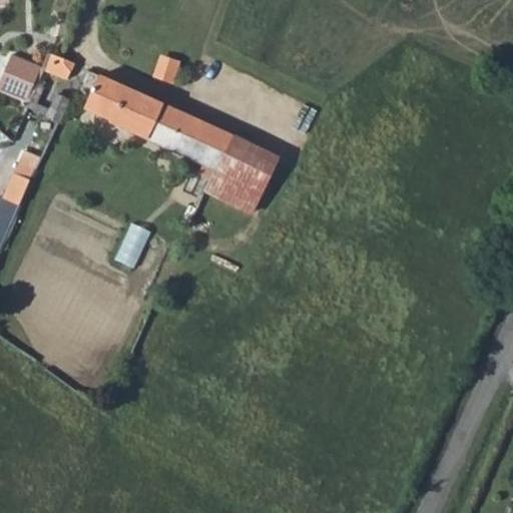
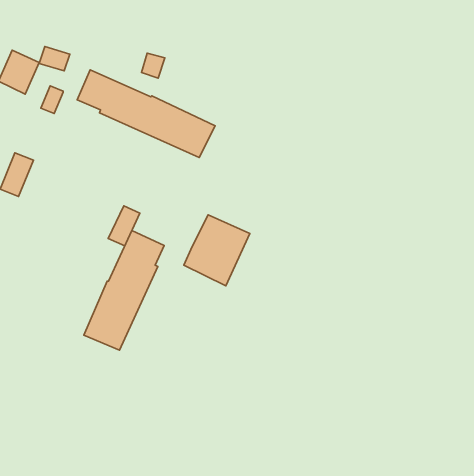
building: [205,135,277,211] -> [184,215,250,286]
building: none -> [84,231,164,350]

